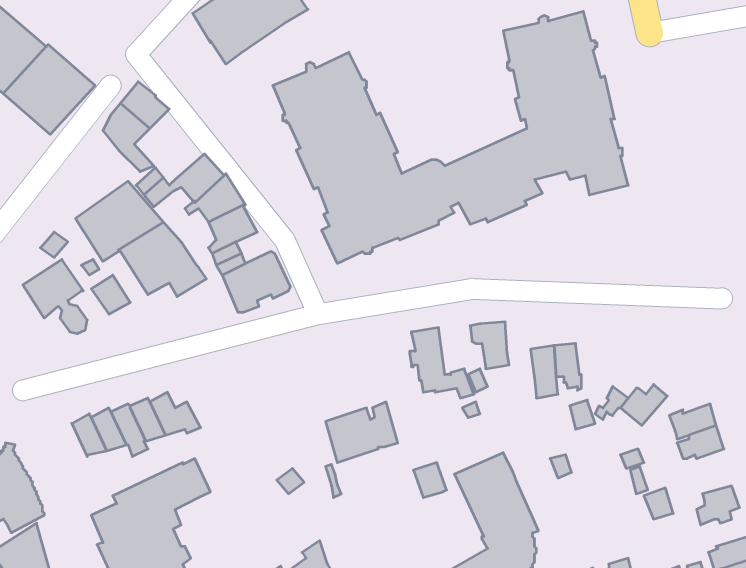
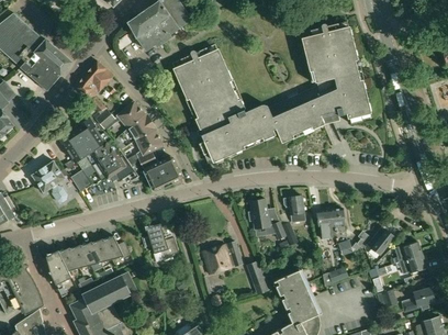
building: none -> [143,223,179,260]
building: none -> [46,250,71,297]

